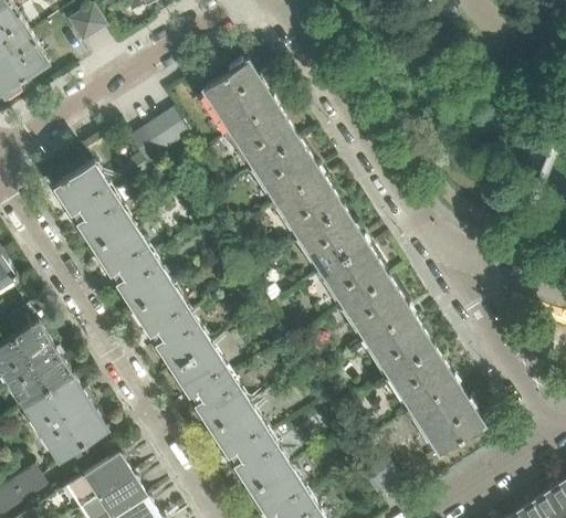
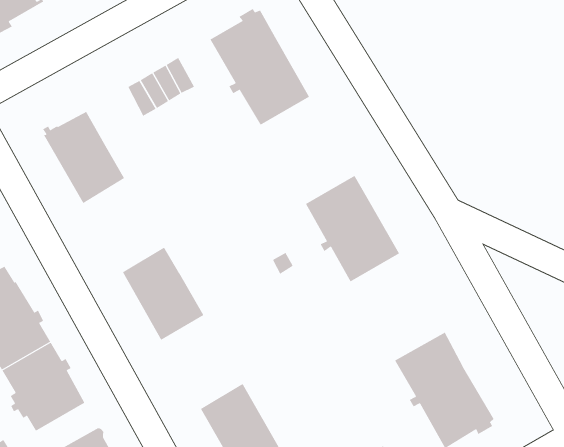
building: [253,139,343,237] -> none
building: [94,223,171,309] -> none
building: [344,278,433,377] -> none
building: [172,345,250,431] -> none

